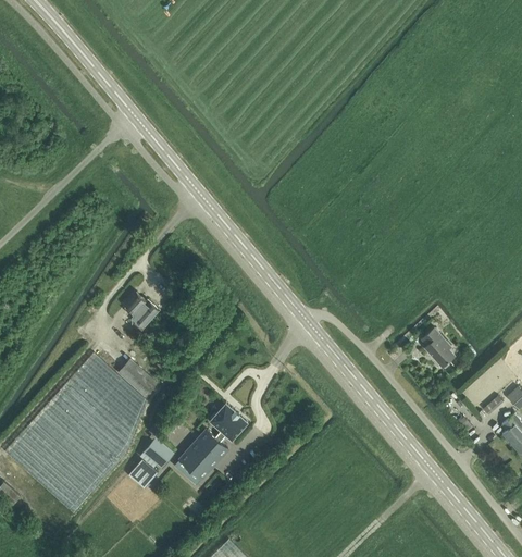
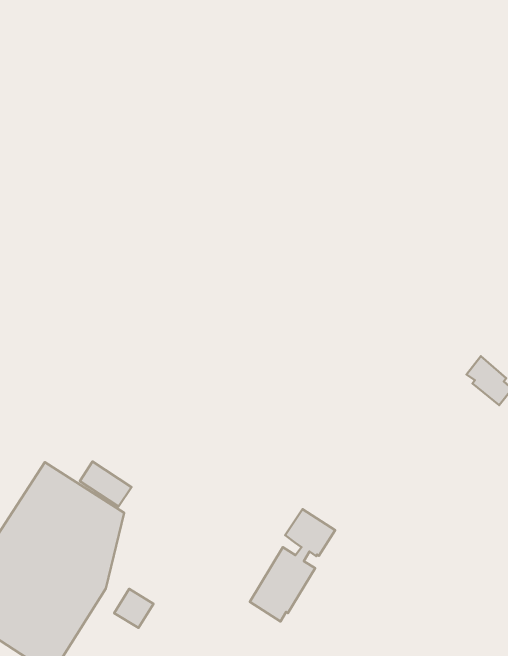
building: [124,292,159,329] -> none
building: [174,403,247,484] -> [250,509,335,622]
building: [139,437,174,469] -> none

